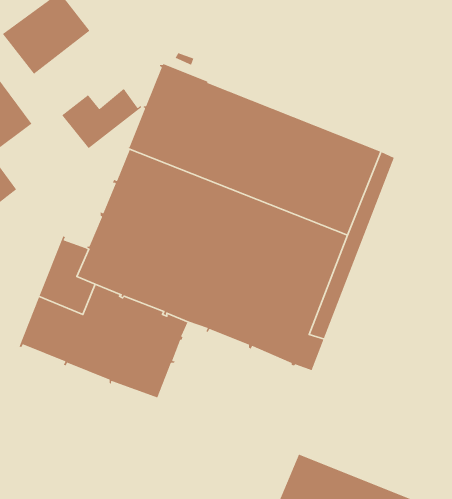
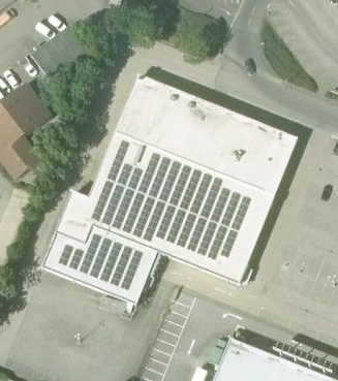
building: [61,88,142,149] -> none

